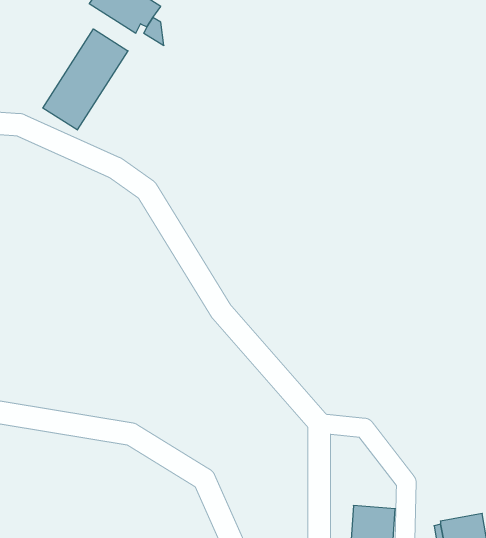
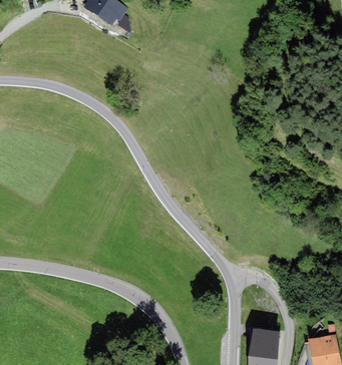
building: [43,29,128,130] -> none

